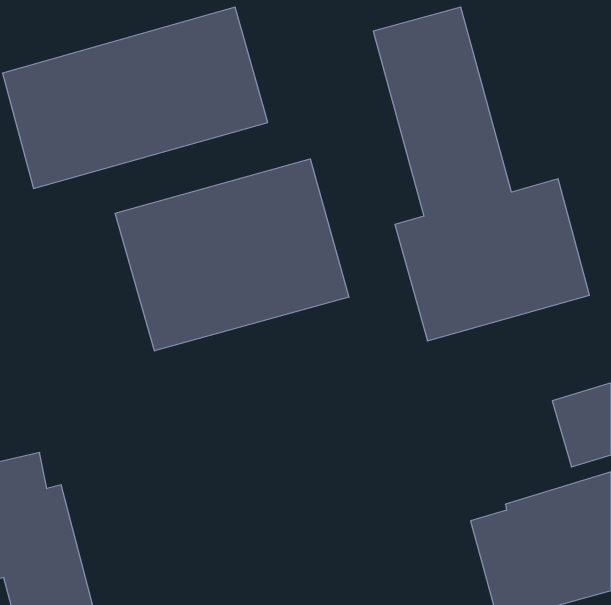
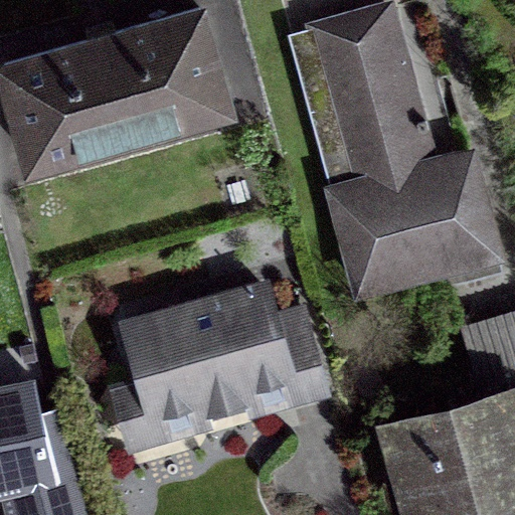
building: [115,159,349,351] -> none
building: none -> [127,293,311,418]

